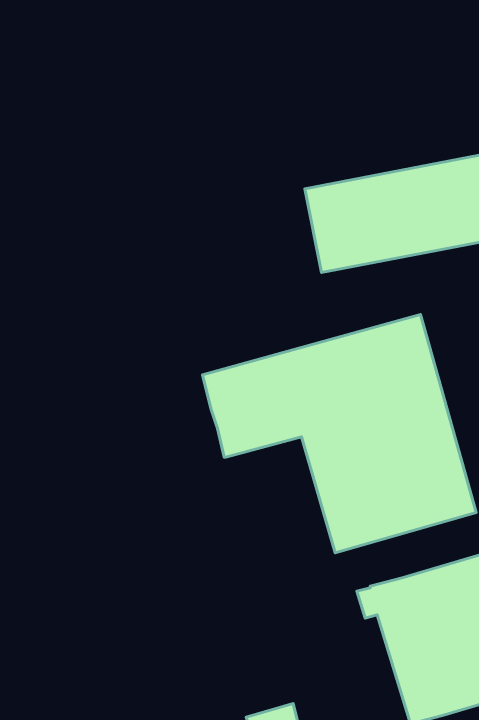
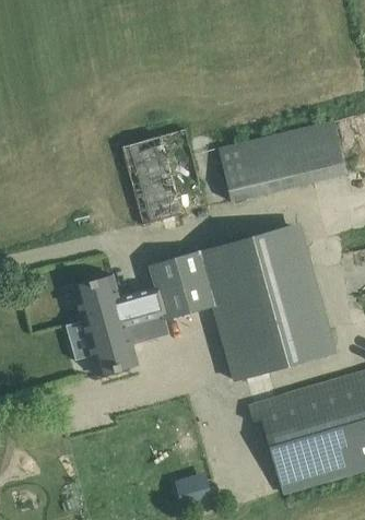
building: none -> [121,129,208,225]
building: none -> [68,275,167,374]

